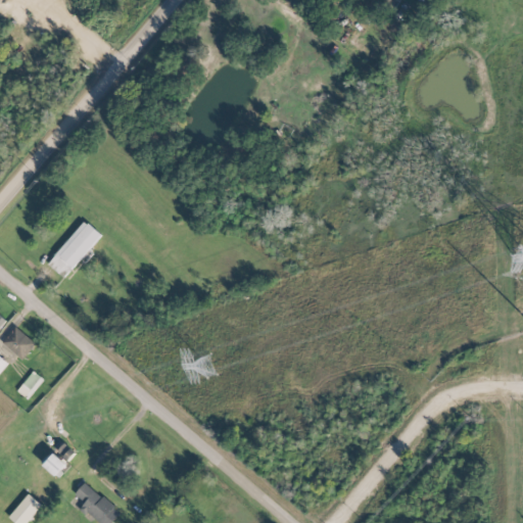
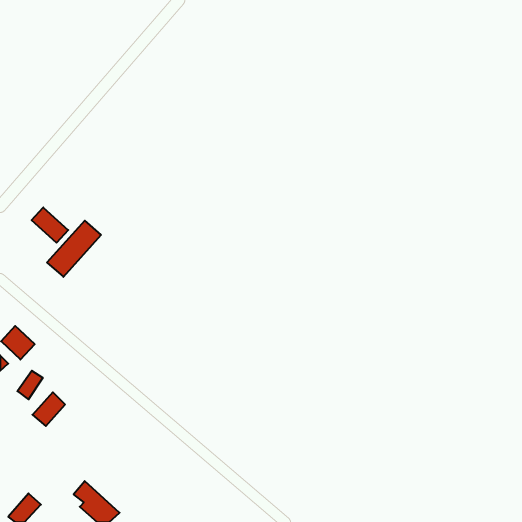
building: none -> [32,207,68,243]
building: [43,441,76,475] -> [32,392,65,426]

